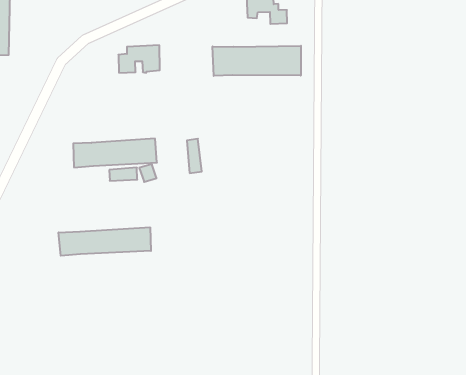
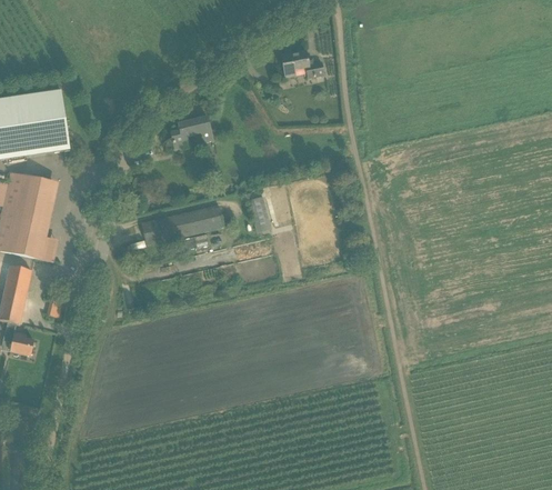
building: [213,46,301,76] -> none
building: [59,227,151,256] -> none

